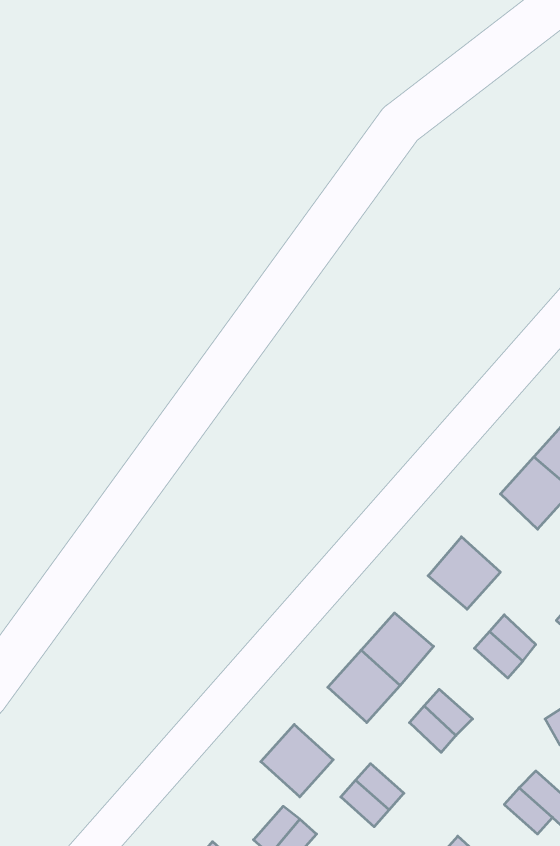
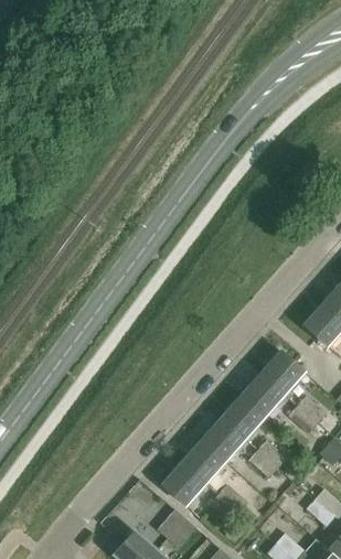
building: none -> [242,373,285,415]
building: none -> [182,439,225,482]

